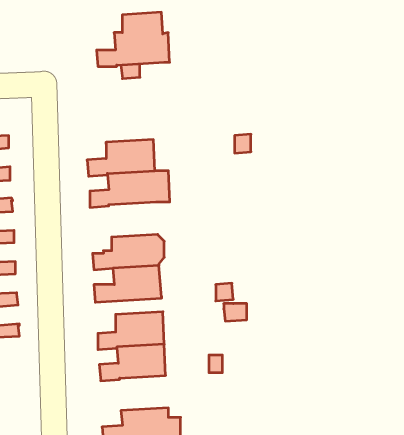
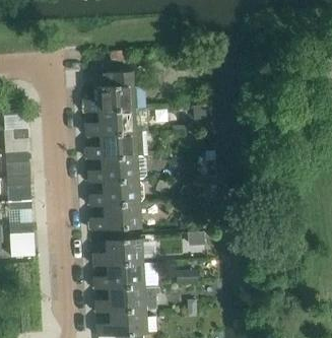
building: [97,12,170,66] -> [84,71,139,112]
building: none -> [88,155,146,183]
building: none -> [95,285,156,313]

